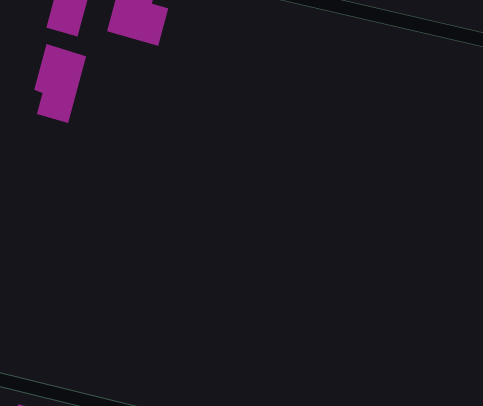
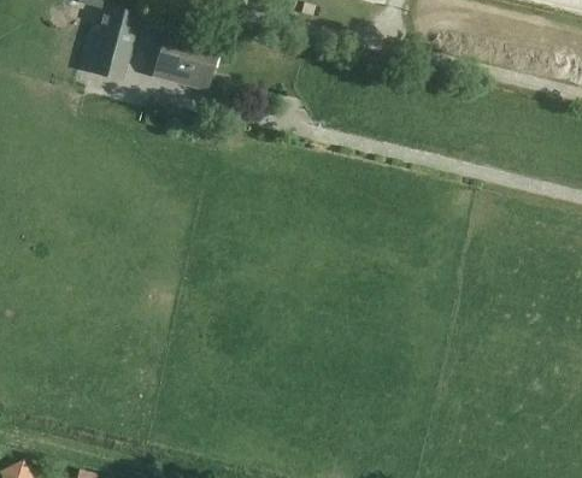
building: [33,43,87,124] -> none

